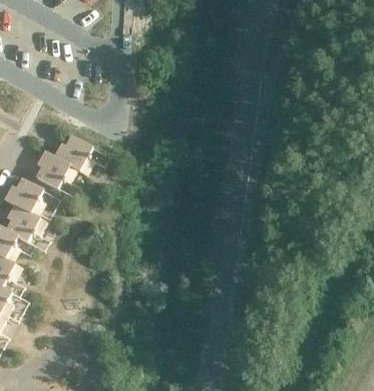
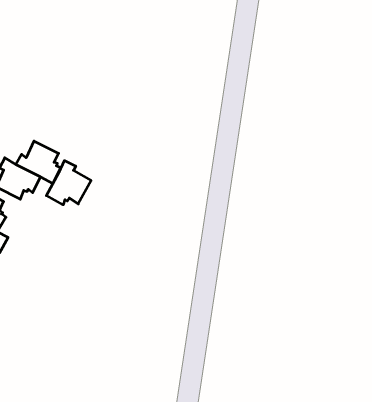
building: none -> [46,161,91,205]

